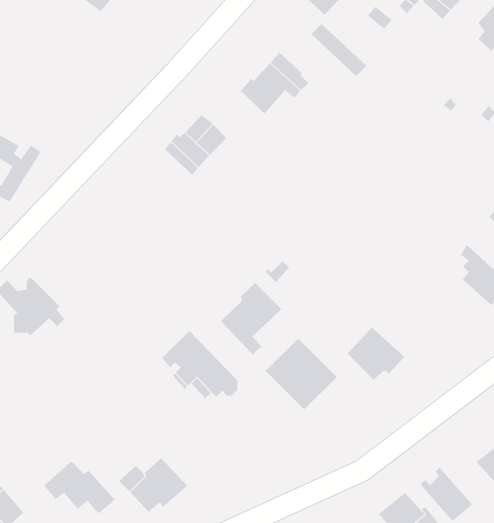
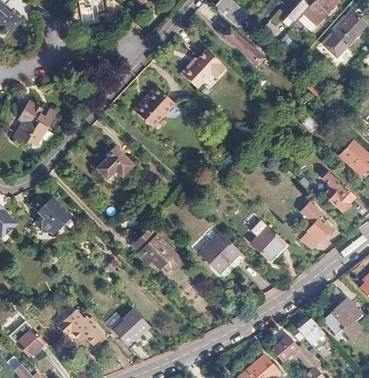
building: none -> [97,146,134,180]
building: [220,282,282,355] -> none
building: none -> [301,202,332,242]

